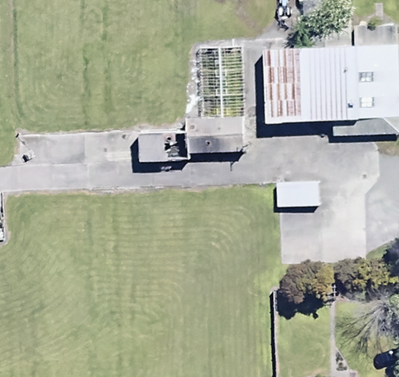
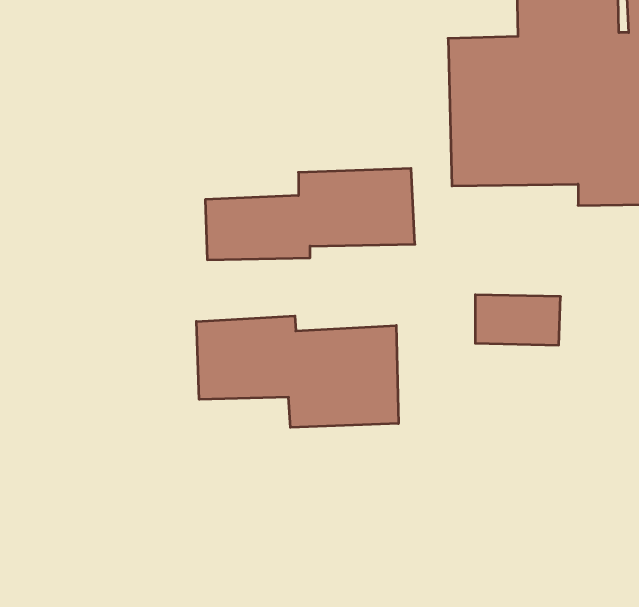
building: none -> [196,316,398,427]

